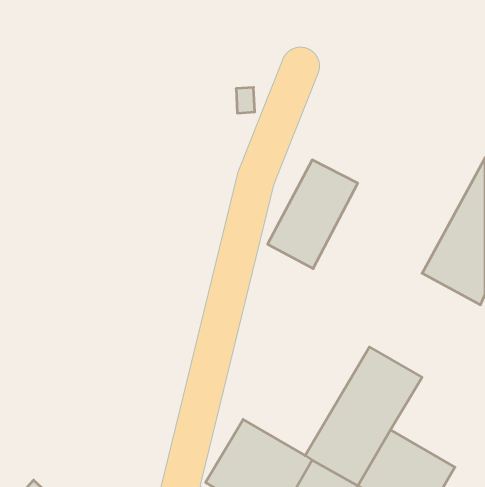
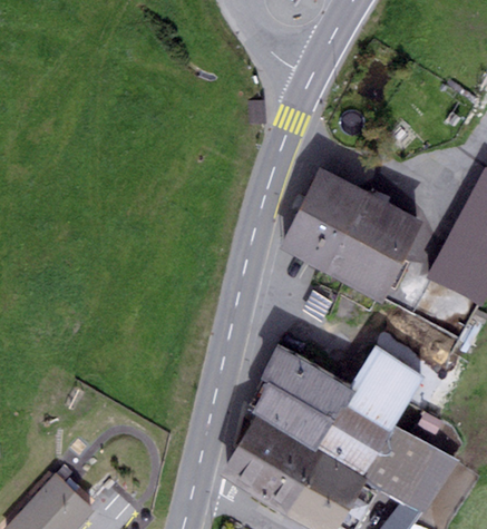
building: none -> [322,189,423,301]
building: none -> [250,345,351,449]

